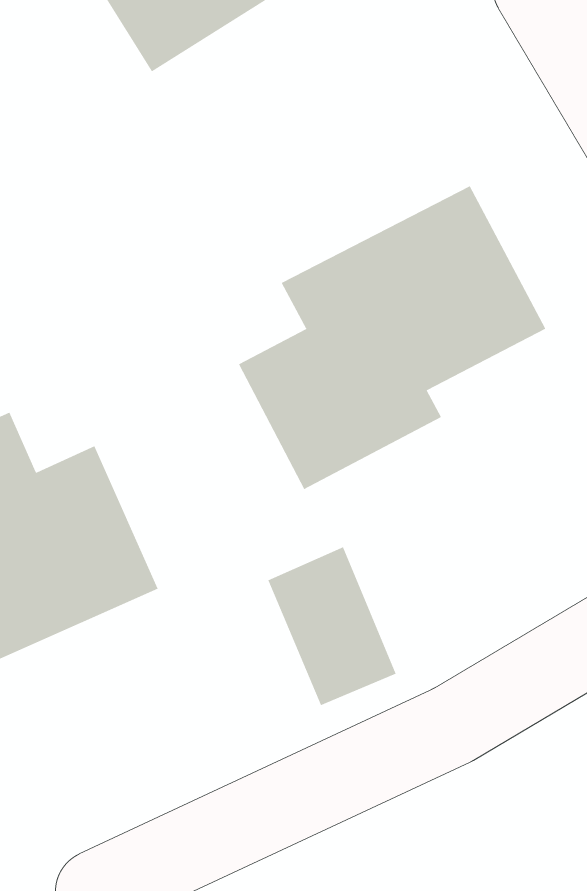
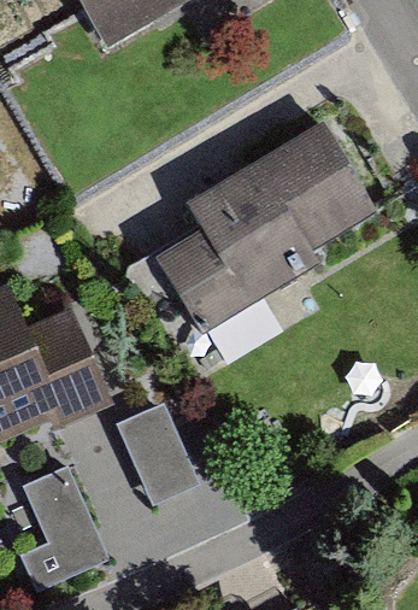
building: [267,546,397,706] -> [112,394,200,503]
building: none -> [19,463,100,582]

